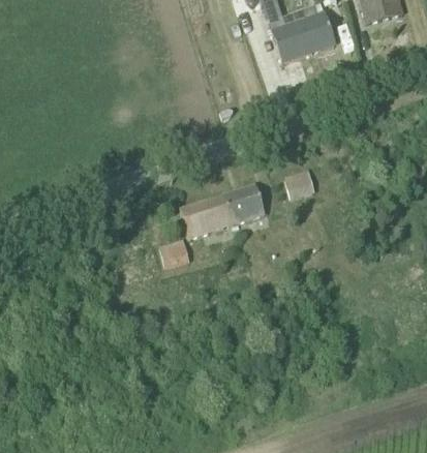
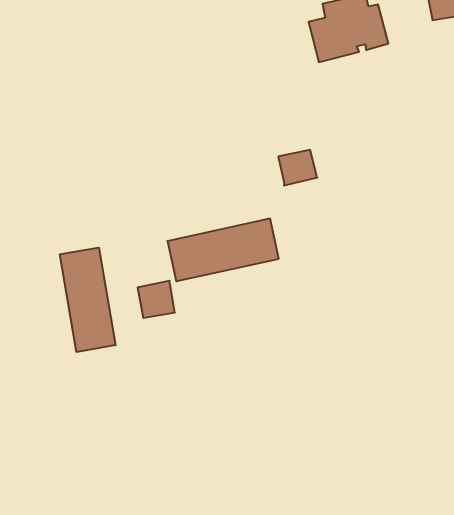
building: [284,171,315,200] -> [278,150,317,186]
building: none -> [60,248,116,352]

